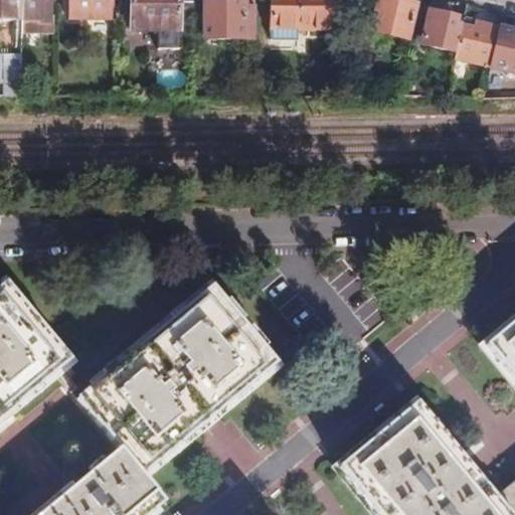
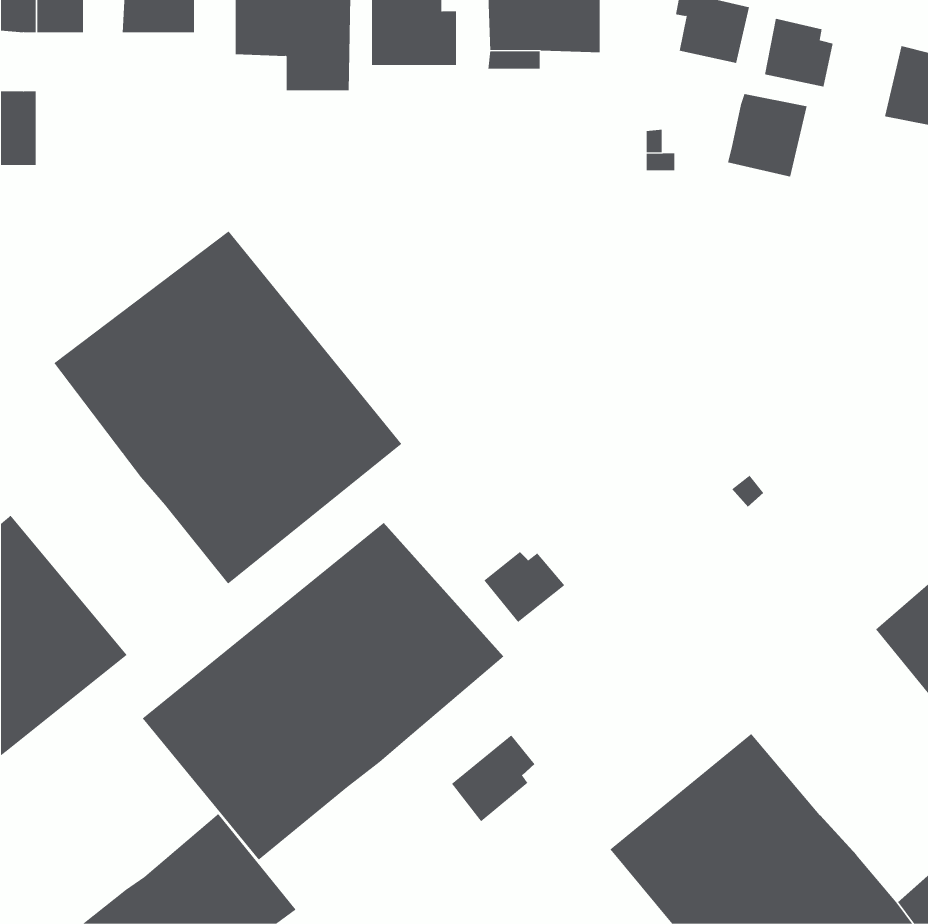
building: [455,18,499,64] -> [727,94,807,177]
building: none -> [54,230,402,584]
building: none -> [483,551,565,623]
building: none -> [451,735,535,822]

